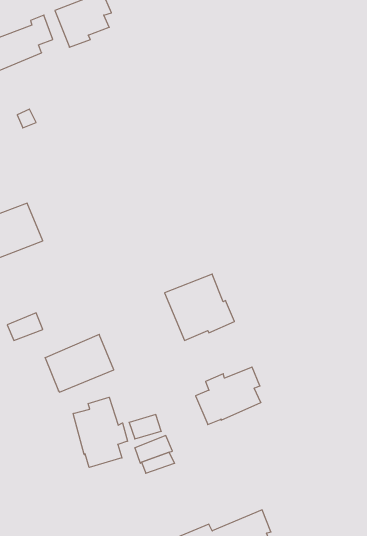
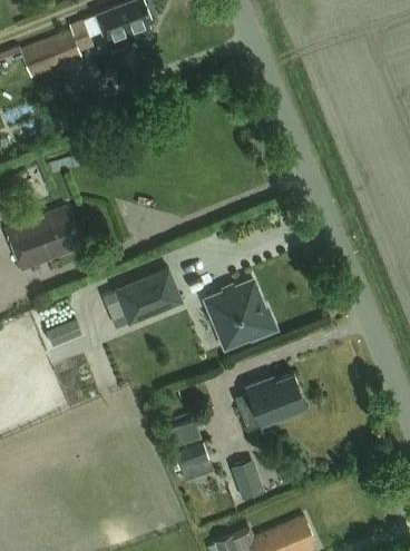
building: [45,334,114,392] -> [114,267,183,325]
building: [73,397,128,467] -> none
building: none -> [233,462,264,501]

